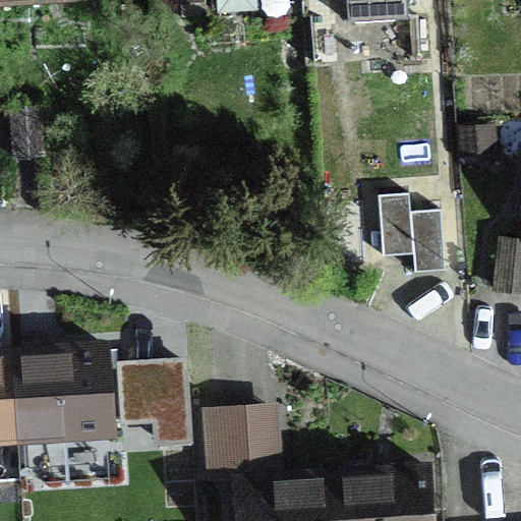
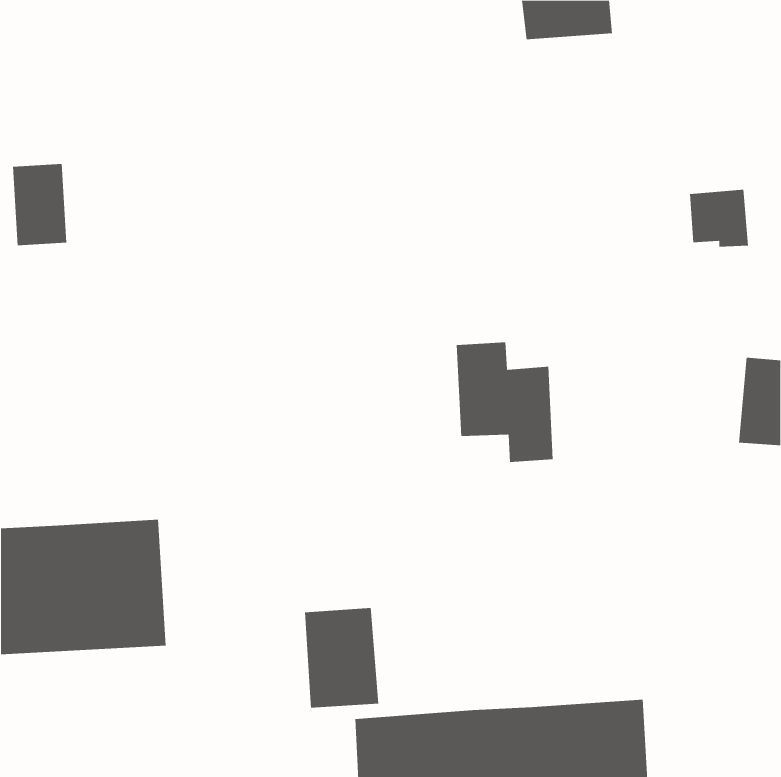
building: [379,198,444,279] -> [456,342,554,462]
building: [117,353,191,444] -> none

